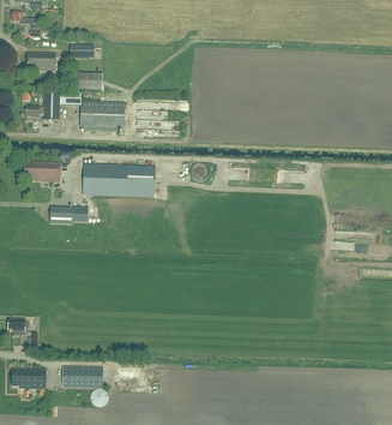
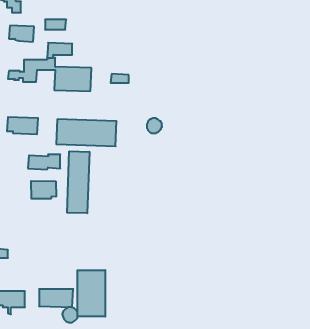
building: none -> [67,151,89,213]
building: none -> [31,181,56,199]
building: none -> [77,270,105,317]

